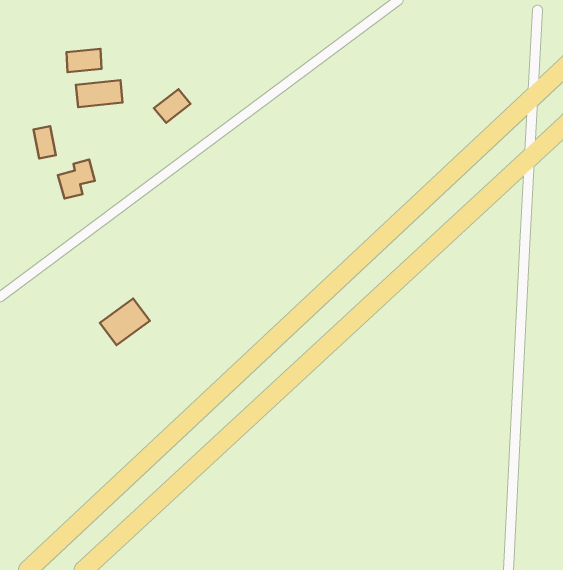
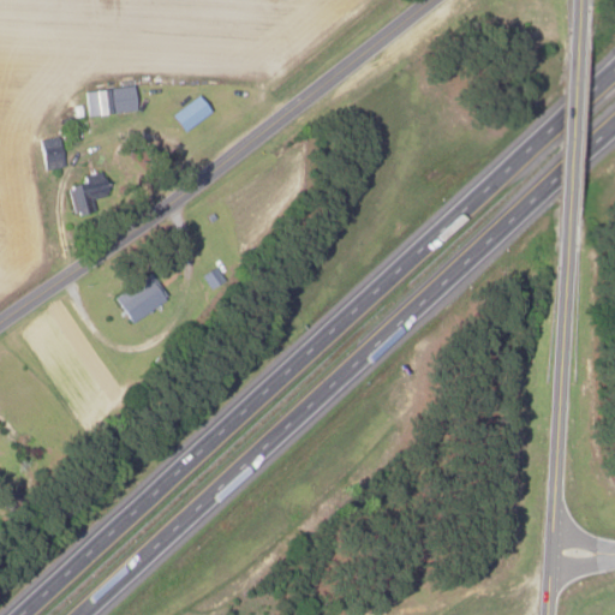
building: [67,49,102,72] -> none
building: [100,298,150,345] -> [115,274,169,324]

